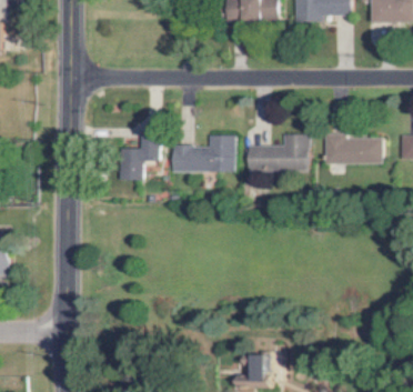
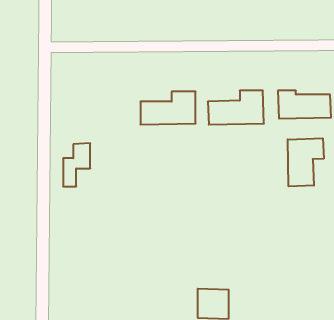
building: [128,131,158,179] -> [63,143,90,186]
building: none -> [288,138,324,186]

